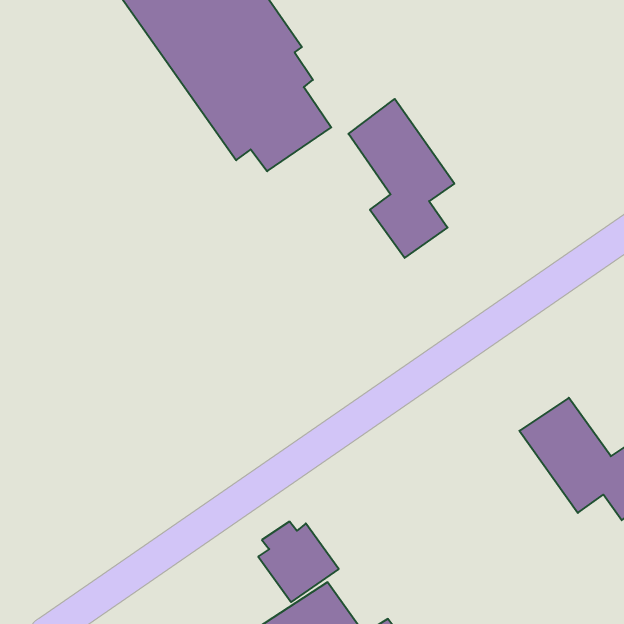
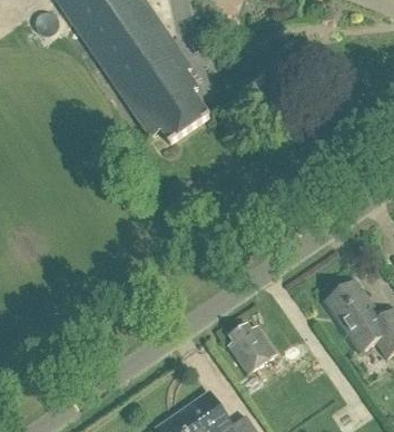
building: [348,99,454,258] -> none
building: [258,522,339,602] -> [226,323,275,372]

